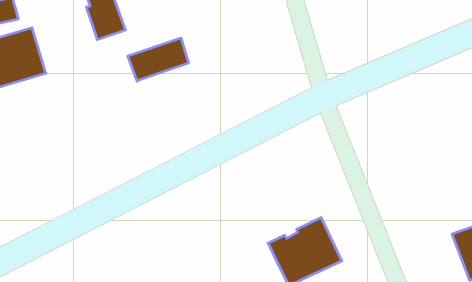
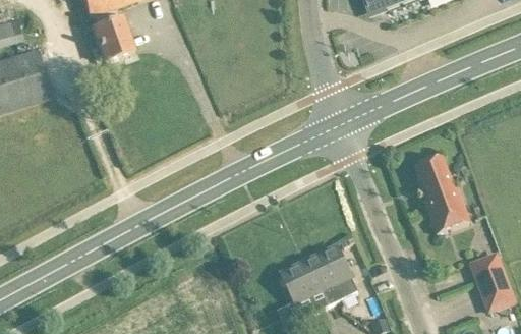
building: [128,38,188,81] -> none
building: none -> [415,156,469,232]

